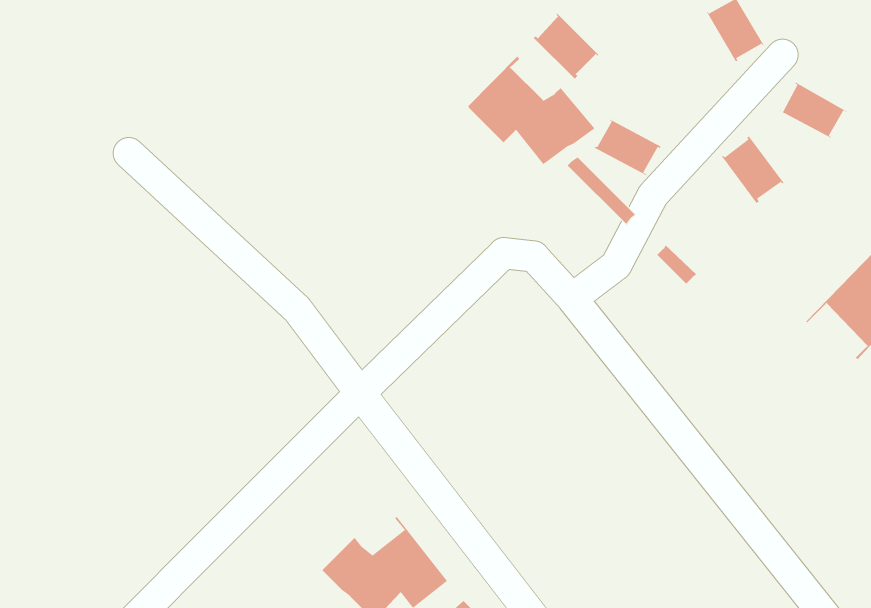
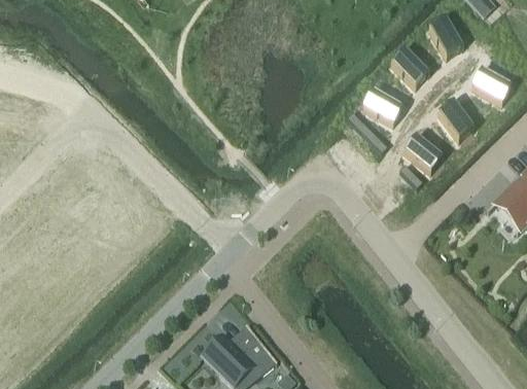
building: [533,13,599,79] -> [389,49,428,89]
building: [467,55,596,165] -> none
building: none -> [402,136,442,173]

